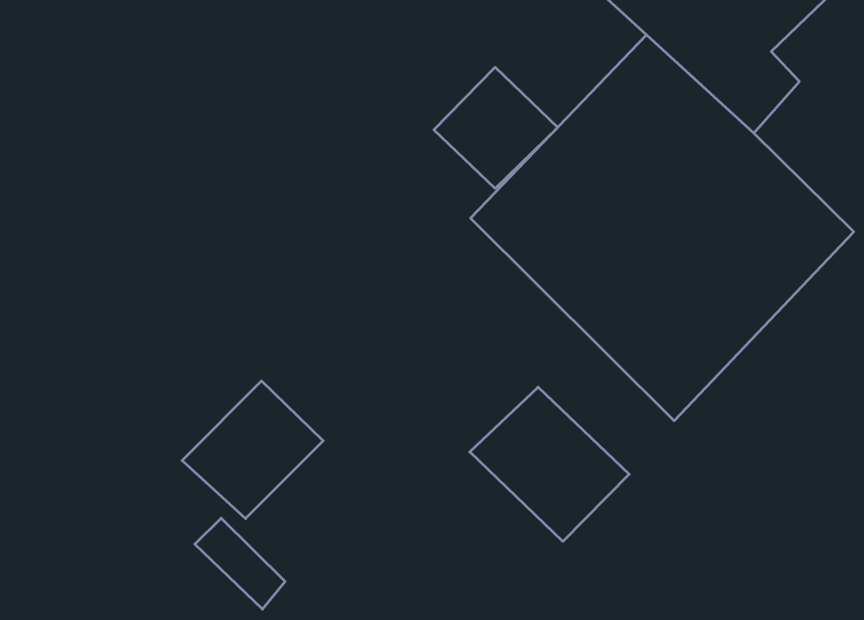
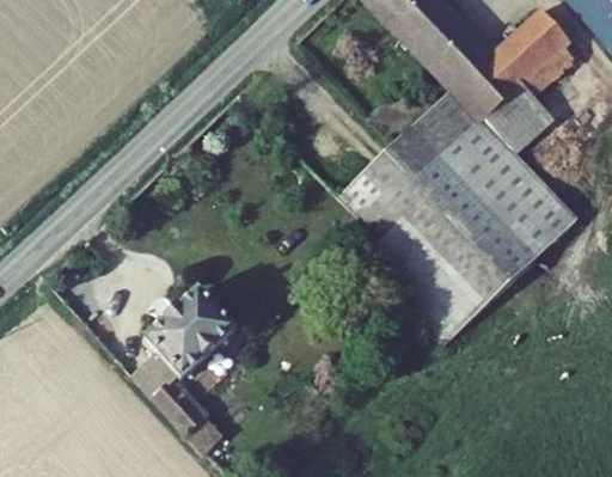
building: [434,67,558,188] -> none
building: [470,387,629,541] -> none

